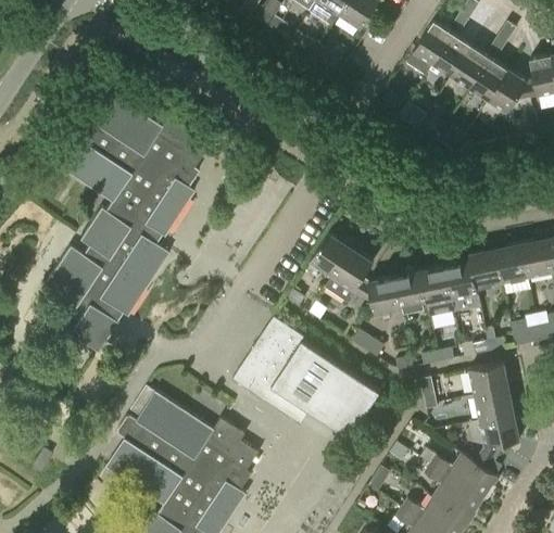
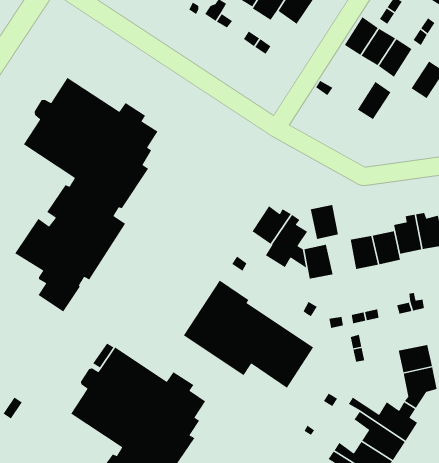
building: [470,56,509,101] -> [357,81,392,120]
building: [394,270,427,310] -> [310,204,339,240]
building: [469,363,508,395] -> none

